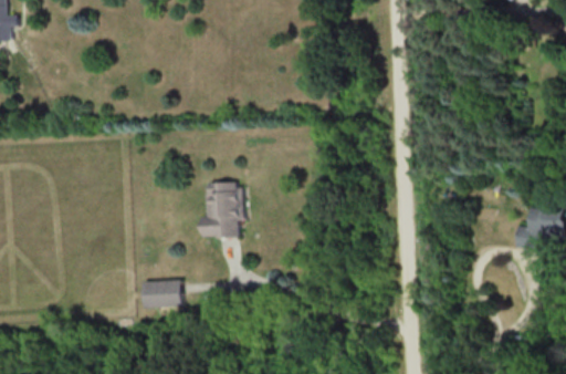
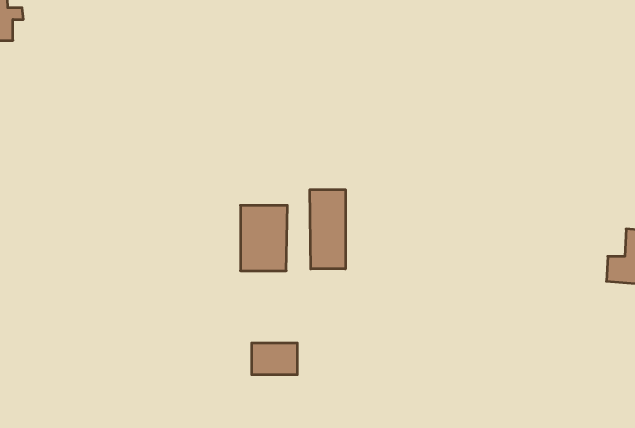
building: none -> [310,190,345,269]
building: [140,280,179,307] -> [252,343,297,375]

